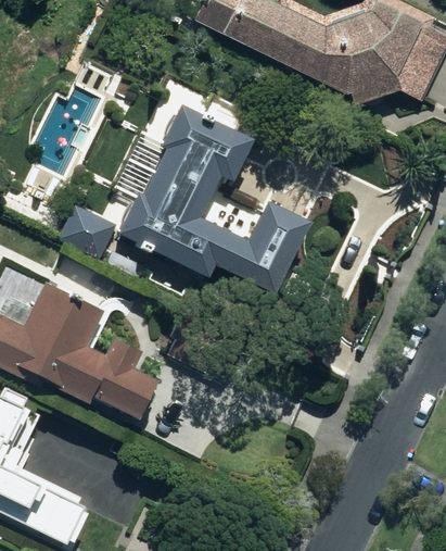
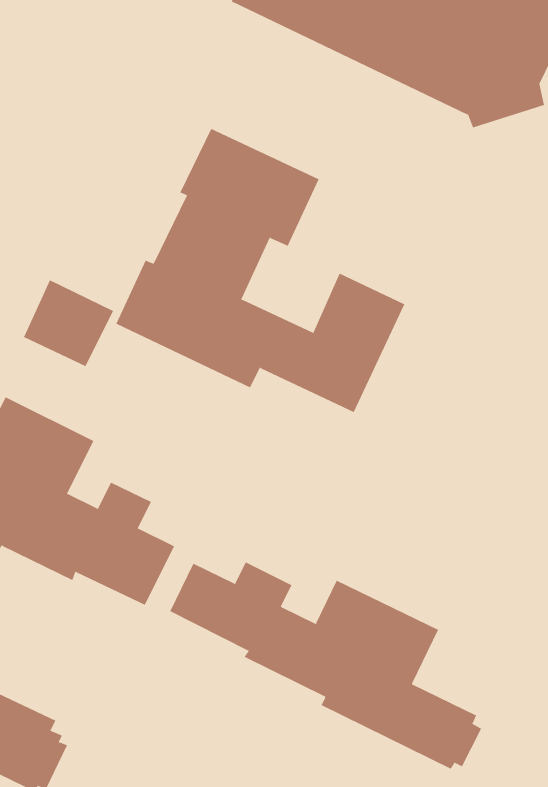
building: none -> [170,561,482,770]

